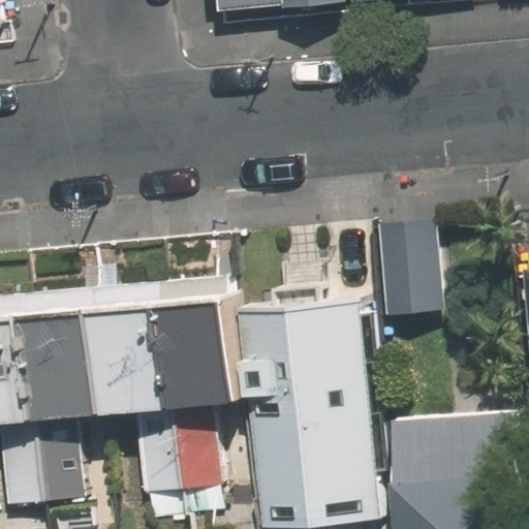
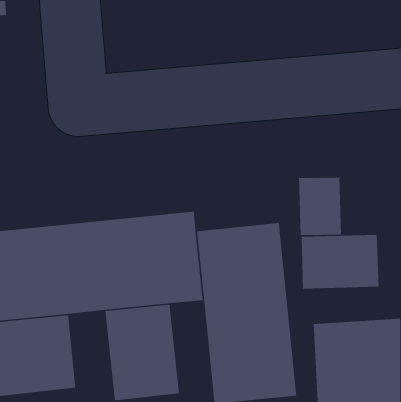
building: none -> [301,234,379,289]

